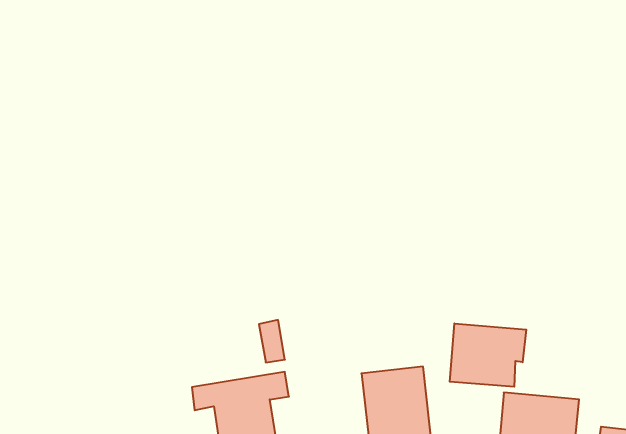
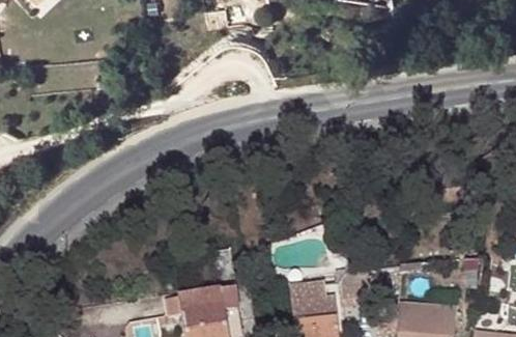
building: [450,323,526,387] -> none

